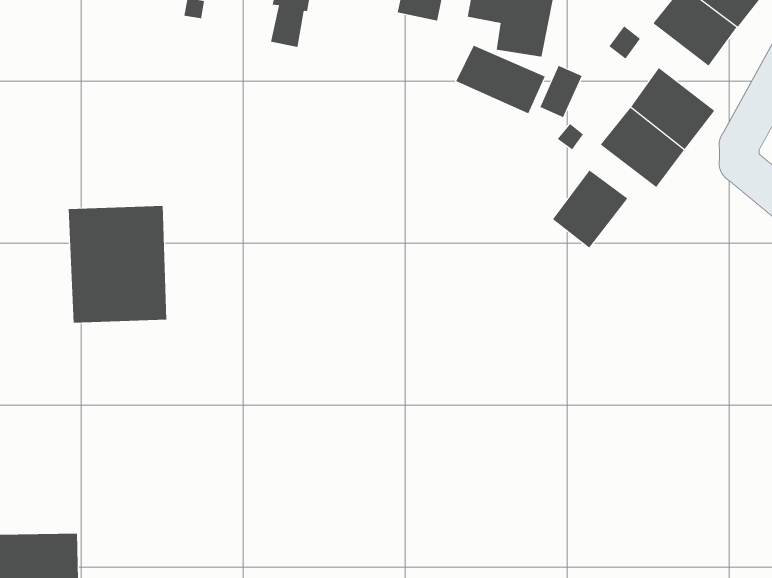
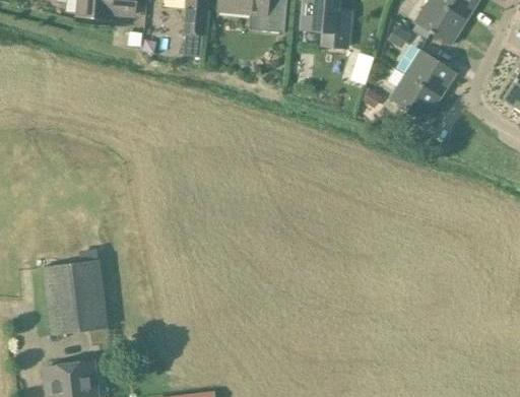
building: [455,45,546,114] -> none
building: [552,169,628,248] -> none
building: [68,205,167,323] -> [42,259,108,335]

